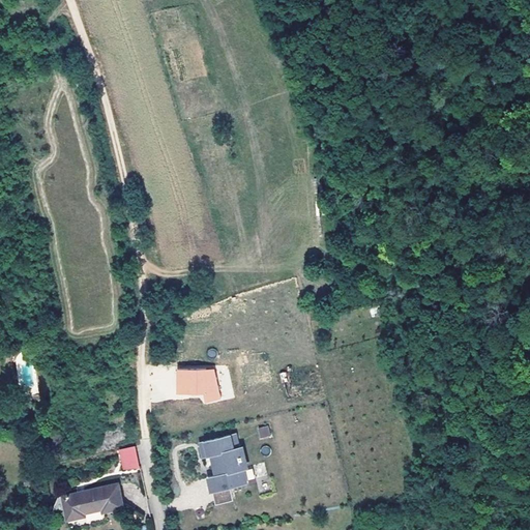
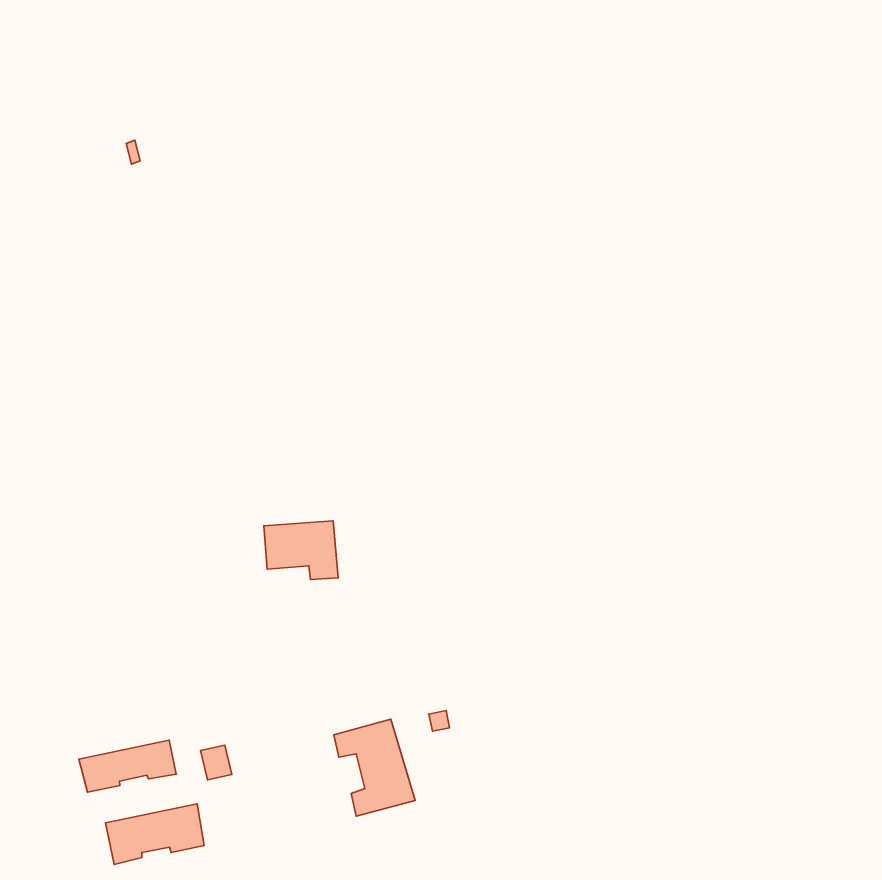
building: [174,370,218,405] -> [264,521,338,579]
building: none -> [79,740,176,792]

